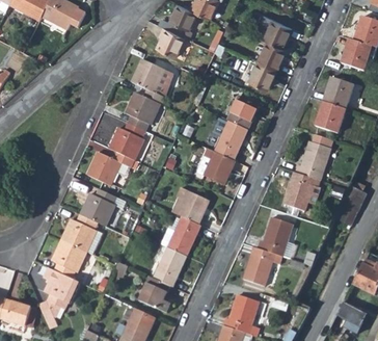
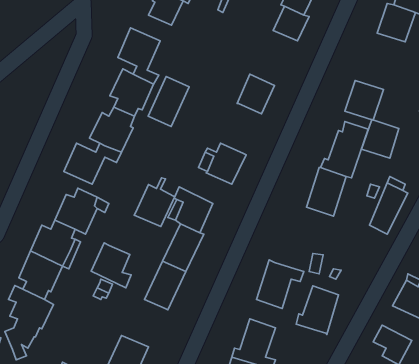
building: [247,60,276,89] -> none
building: [323,77,353,108] -> [361,120,399,158]
building: [214,120,247,160] -> [148,76,189,126]
building: none -> [134,178,175,227]
building: [258,217,292,257] -> [296,286,339,334]
building: [138,277,170,313] -> [91,243,131,288]

